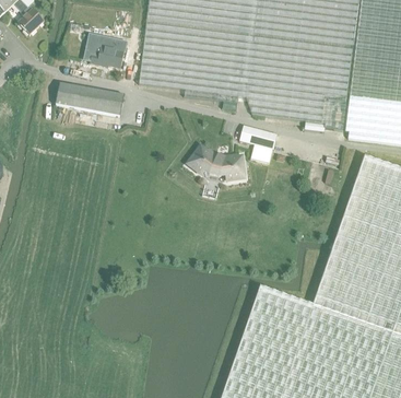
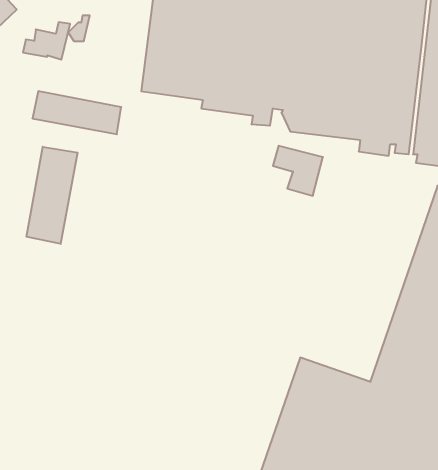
building: [90,40,126,69] -> [23,22,70,60]
building: none -> [26,147,78,244]
building: [187,145,245,180] -> none

